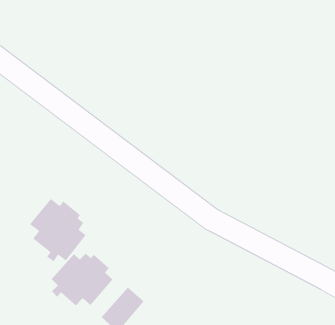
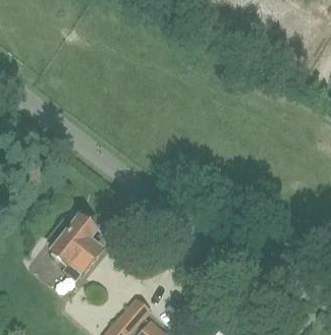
building: [51,253,113,306] -> none

